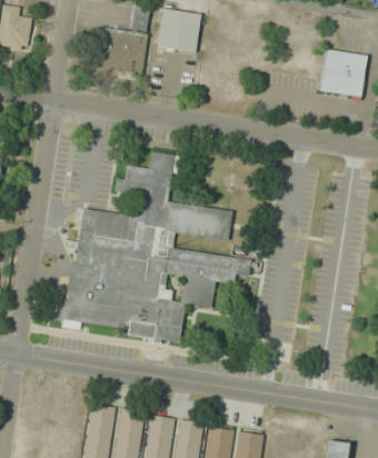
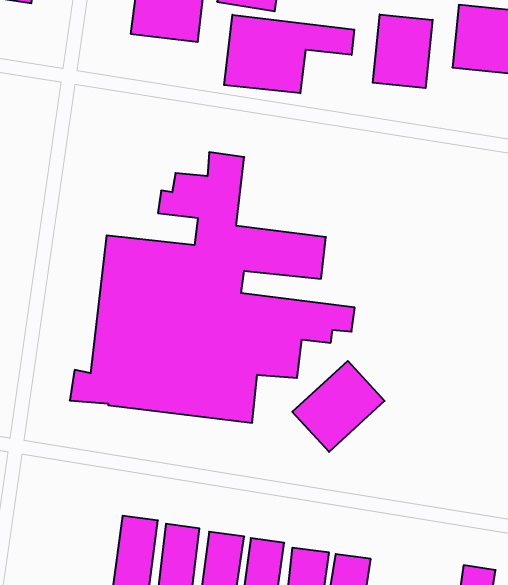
building: none -> [373,14,433,88]
building: none -> [224,15,354,93]
building: none -> [292,361,385,452]

